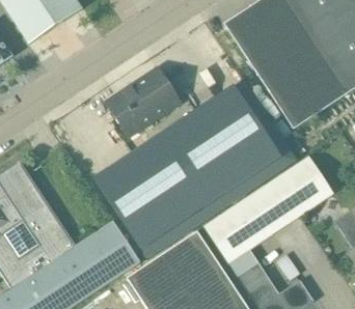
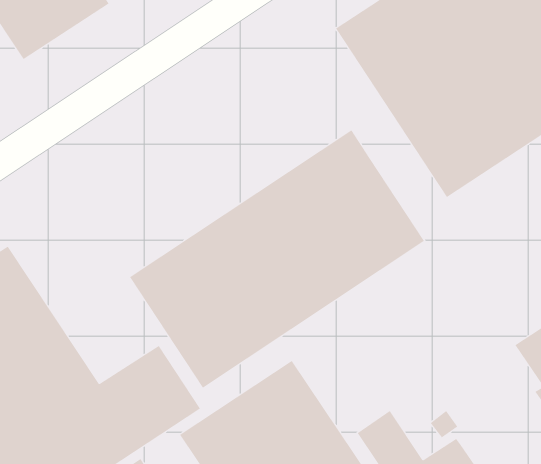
building: [105,66,180,136] -> none
building: [203,157,333,261] -> none

